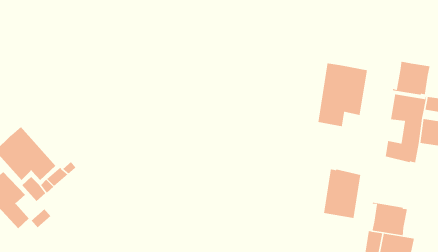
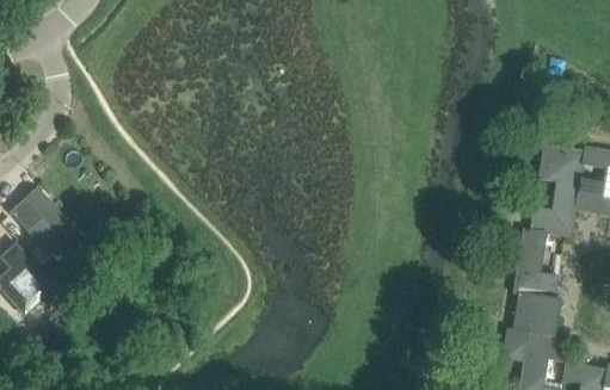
building: [392,61,431,95] -> none
building: [318,63,368,127] -> none
building: [323,168,361,219] -> [512,228,563,296]

